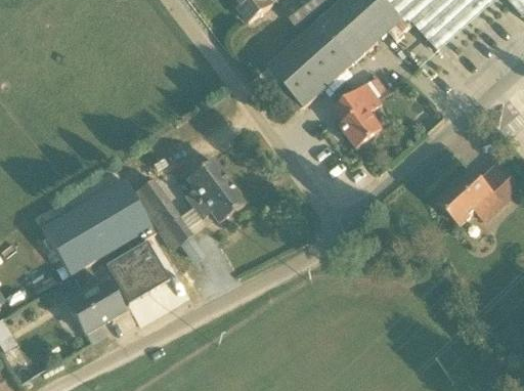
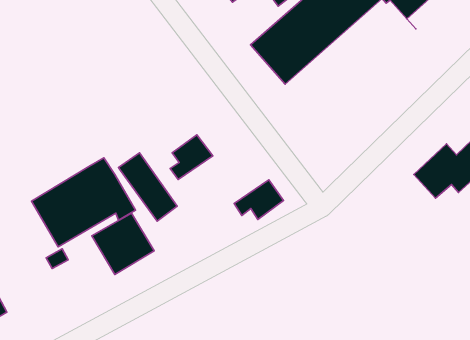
building: [334,83,384,148] -> none
building: [193,181,245,222] -> [234,180,284,219]
building: [71,279,126,332] -> none

